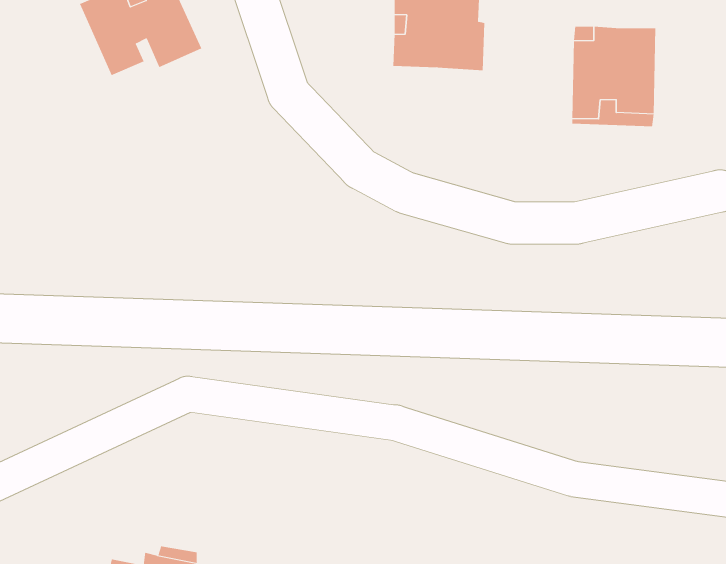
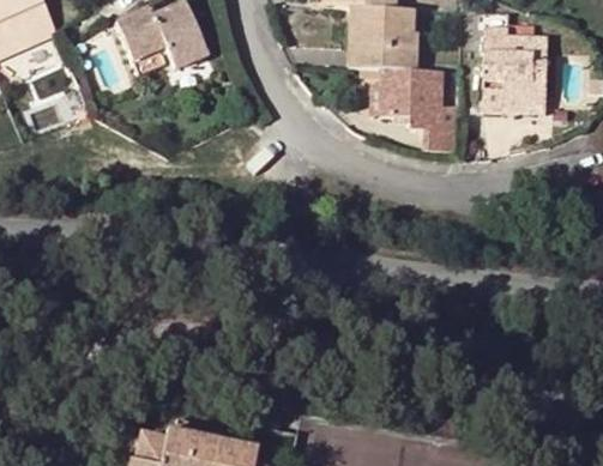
building: none -> [380,66,458,127]

